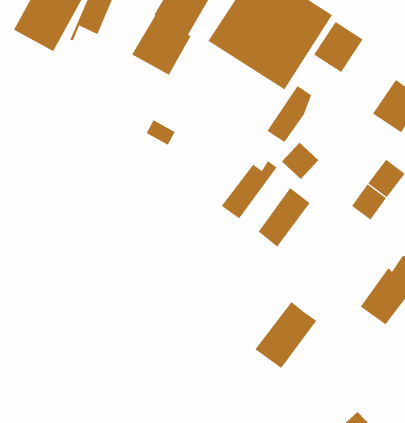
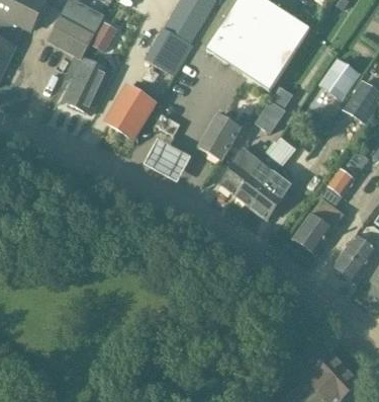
building: [313,21,364,73] -> [318,59,360,101]
building: none -> [62,59,110,114]
building: none -> [105,83,156,139]
building: none -> [197,114,243,163]
building: none -> [144,139,192,183]
building: none -> [232,154,278,207]
building: [254,301,317,369] -> [292,199,344,255]

